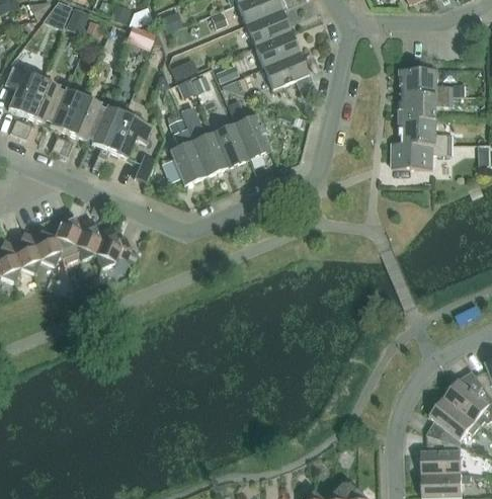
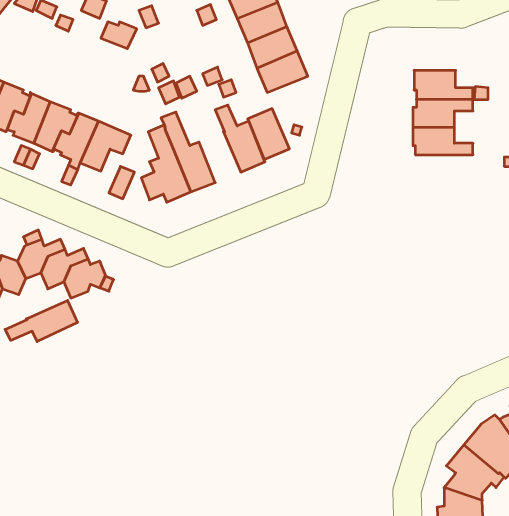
building: [213,122,249,167] -> [248,109,289,159]
building: [393,142,453,168] -> none
building: none -> [5,300,77,342]

